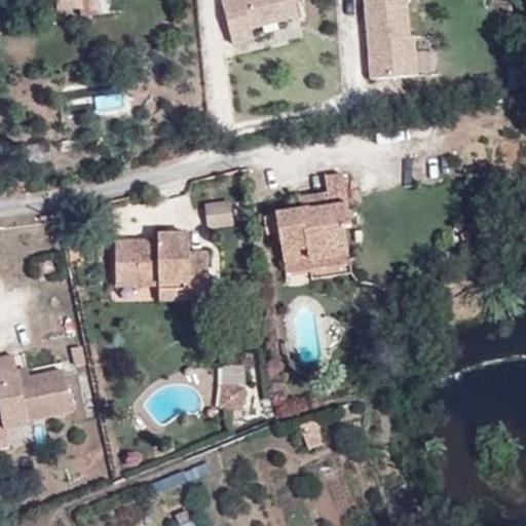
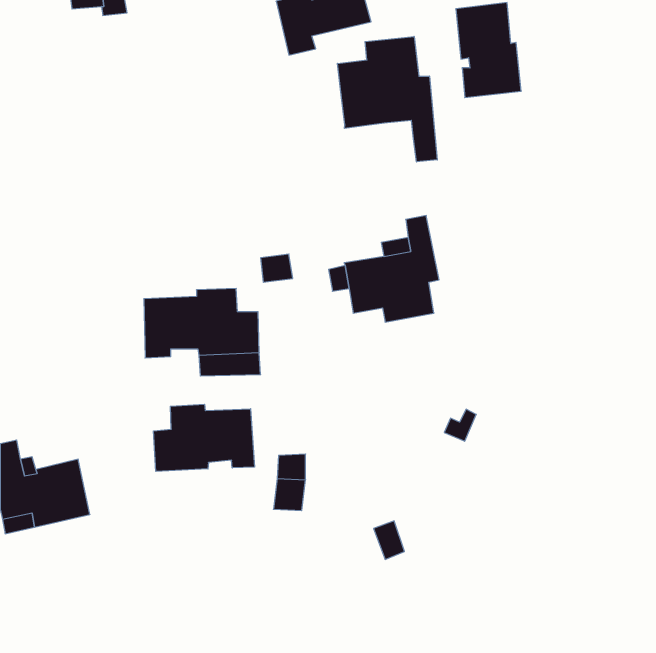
building: none -> [337,36,437,162]
building: [283,247,349,273] -> none
building: none -> [154,404,254,471]

